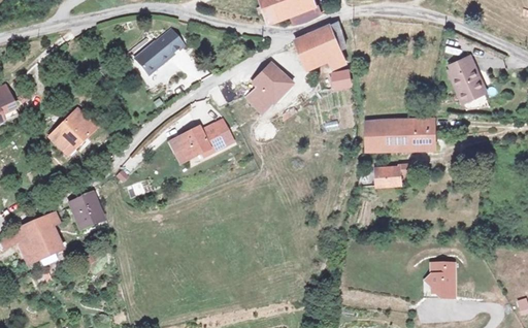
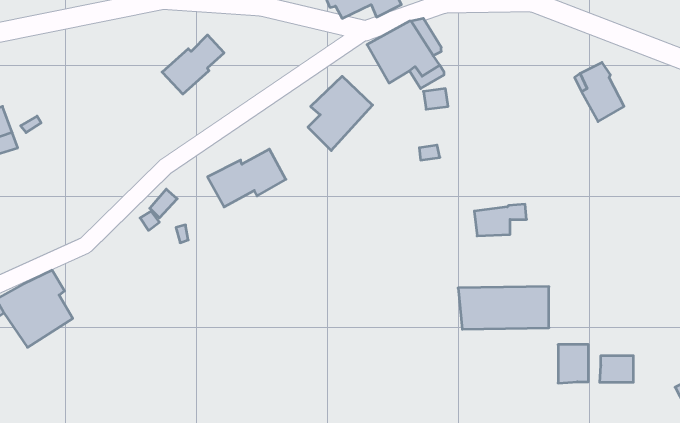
building: [52,110,100,159] -> none
building: [362,117,430,149] -> [458,287,549,329]
building: [69,190,104,231] -> none
building: none -> [600,356,633,382]

